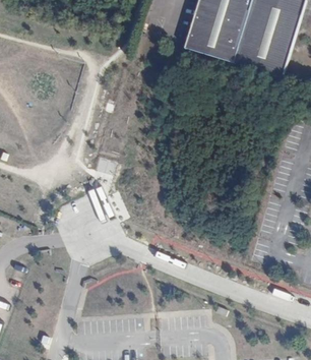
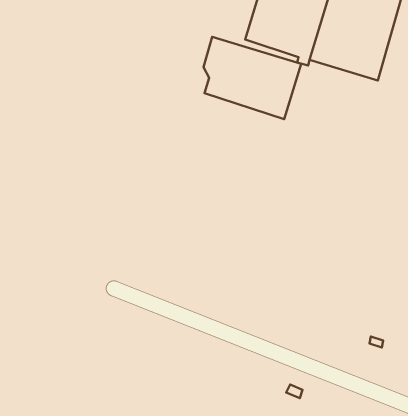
building: none -> [204,37,301,119]

